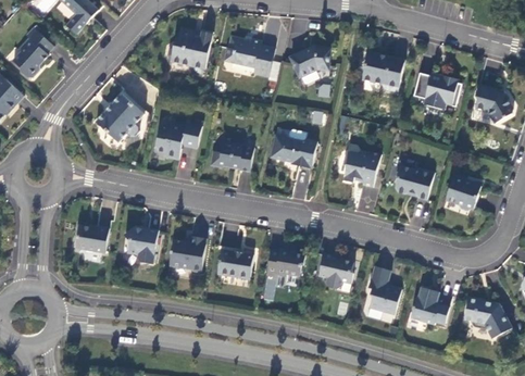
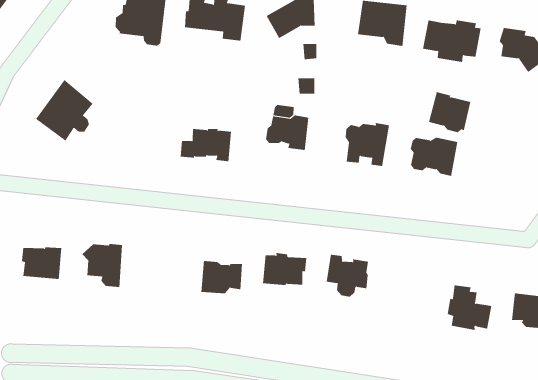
building: [154,118,202,159] -> none
building: [445,175,480,210] -> [428,91,471,133]
building: [168,236,205,272] -> none
building: [367,266,401,314] -> none

